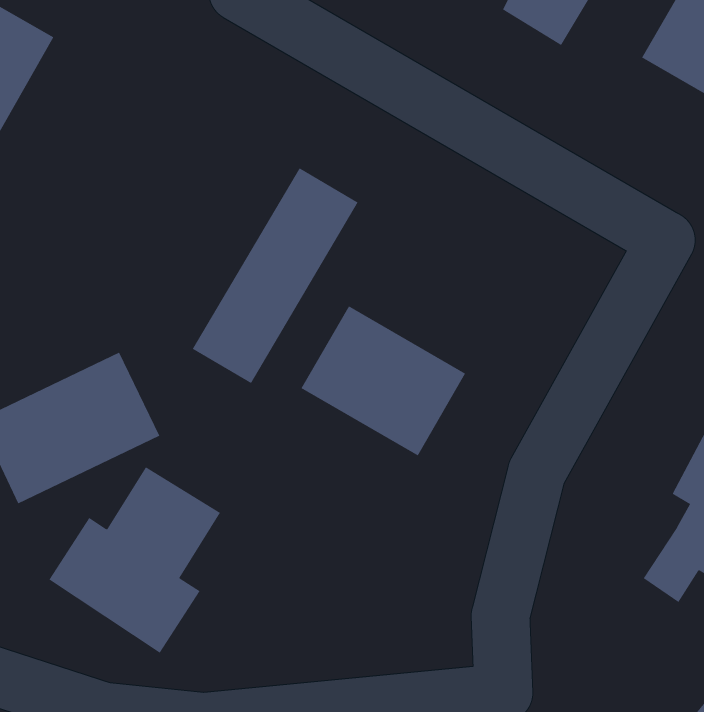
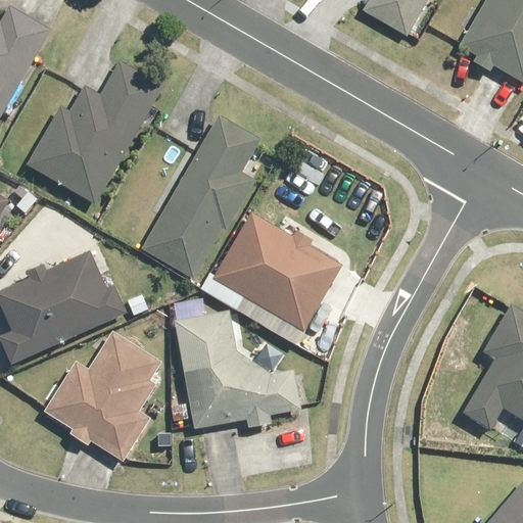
building: none -> [38,61,164,202]
building: none -> [175,317,300,429]

